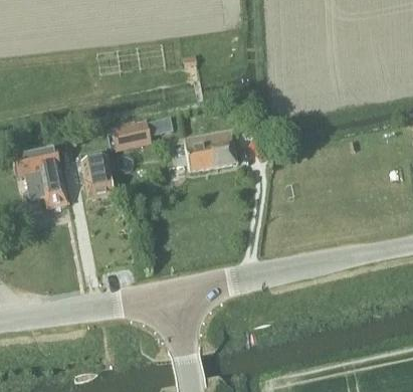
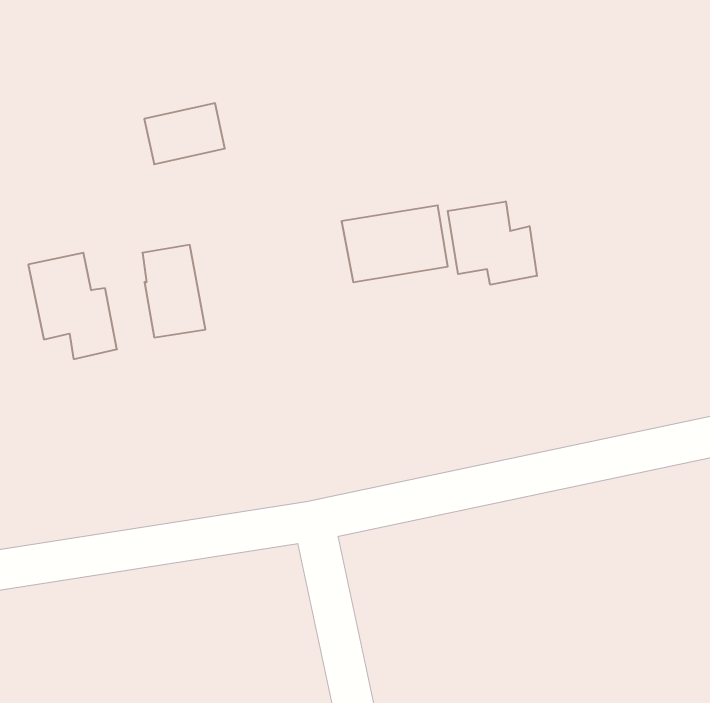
building: [111,120,152,151] -> [144,103,225,164]
building: none -> [448,201,537,285]

